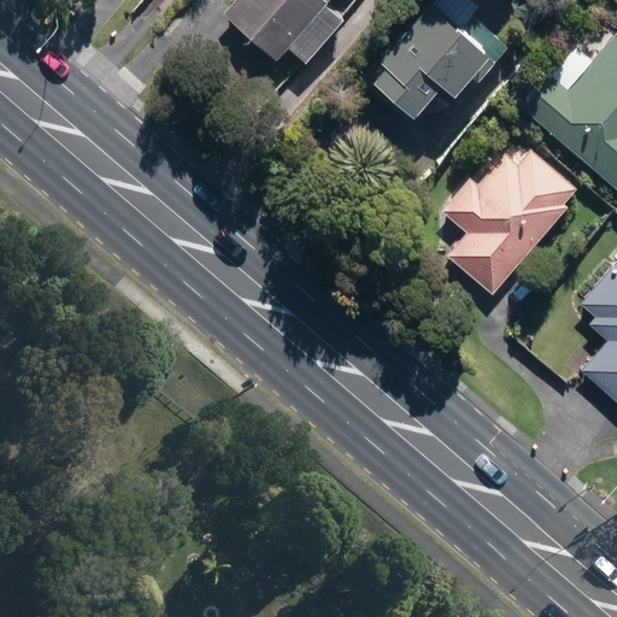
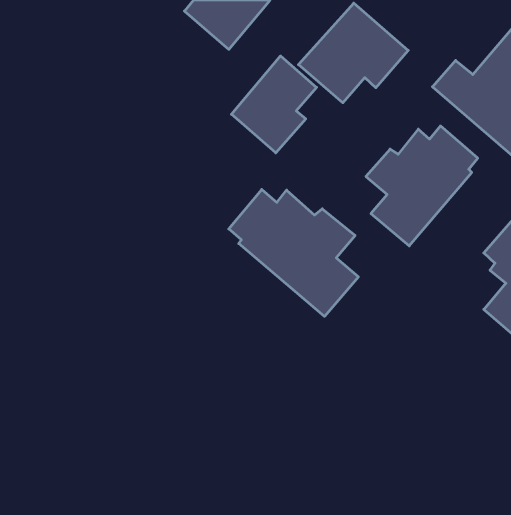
building: none -> [231,56,317,153]
building: none -> [229,189,358,316]

